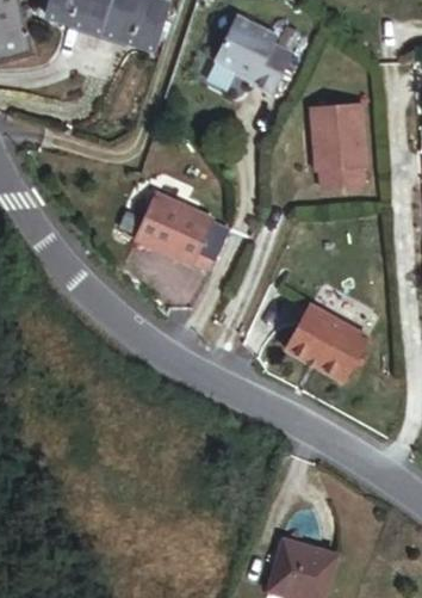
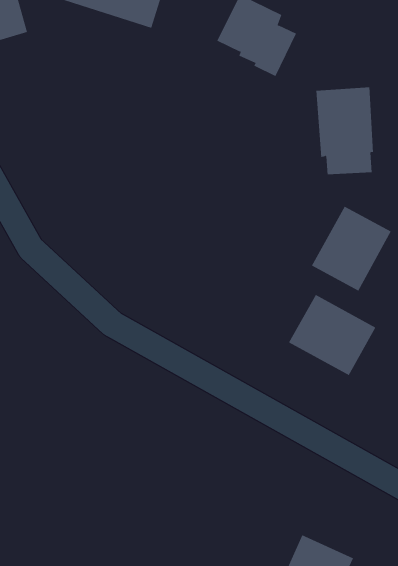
building: [136,193,231,270] -> none
building: none -> [311,206,392,291]

